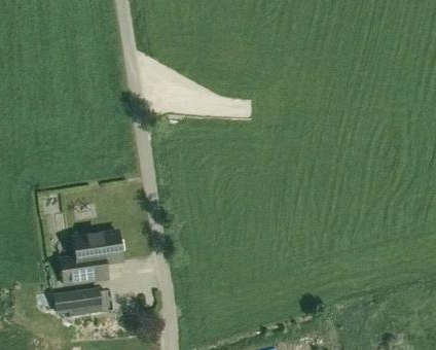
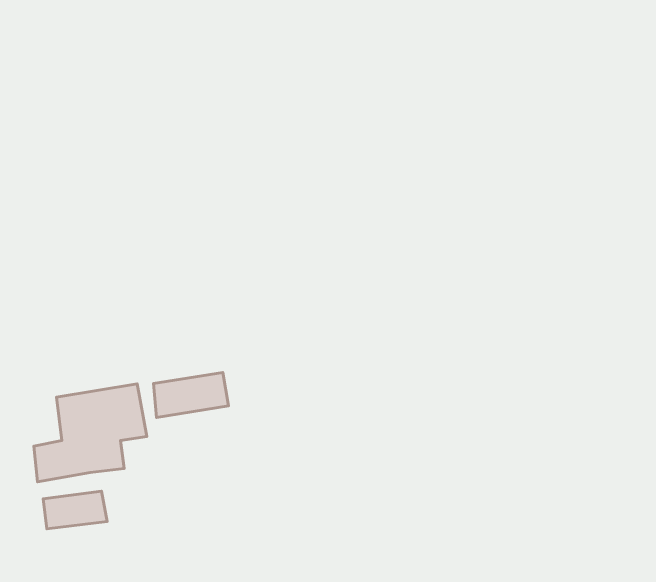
building: none -> [153,372,228,418]

